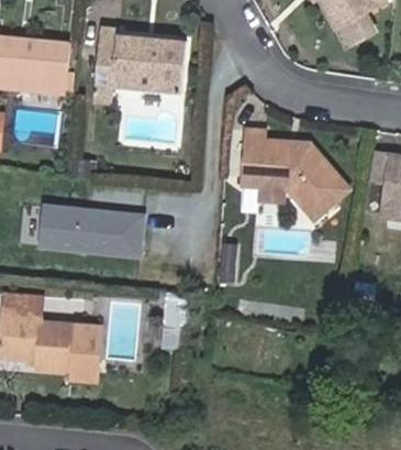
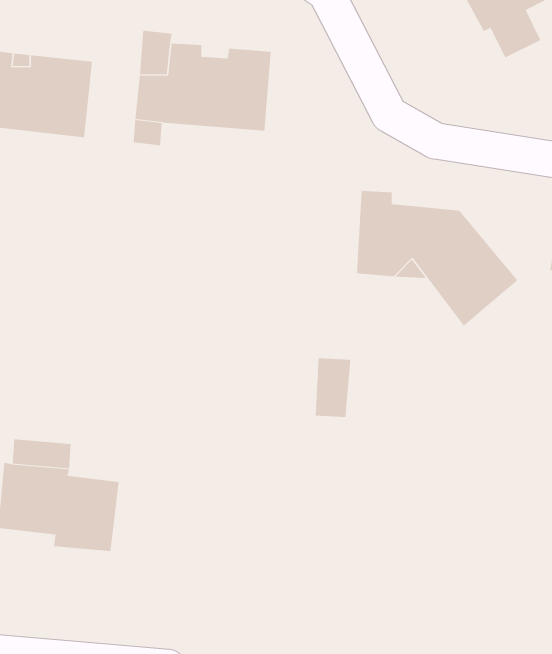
building: [42,207,143,253] -> none

